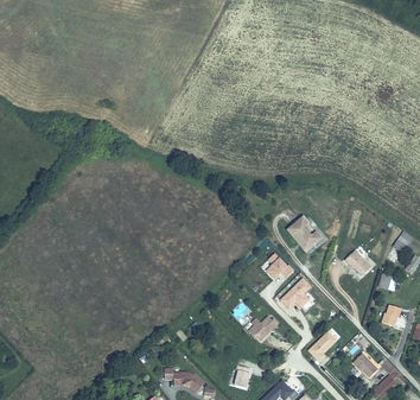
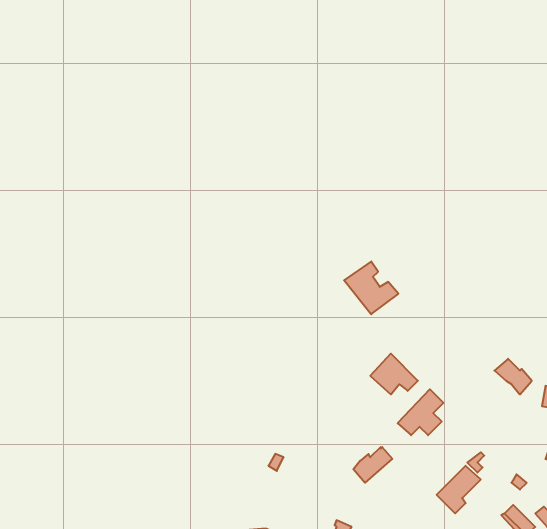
building: [286,214,324,250] -> [344,261,398,314]

